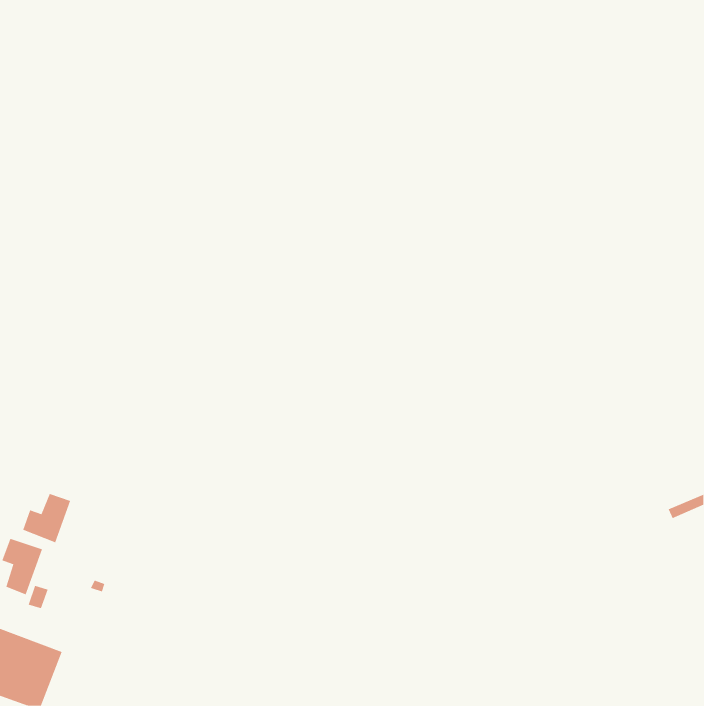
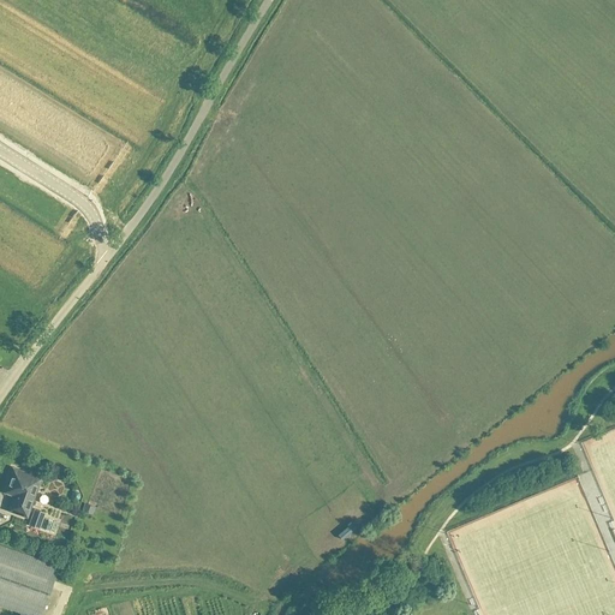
building: [23,493,71,543] -> none

